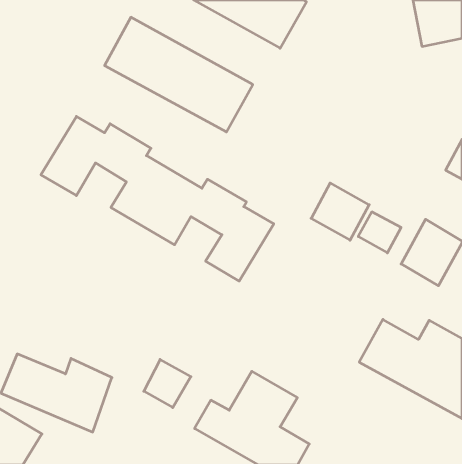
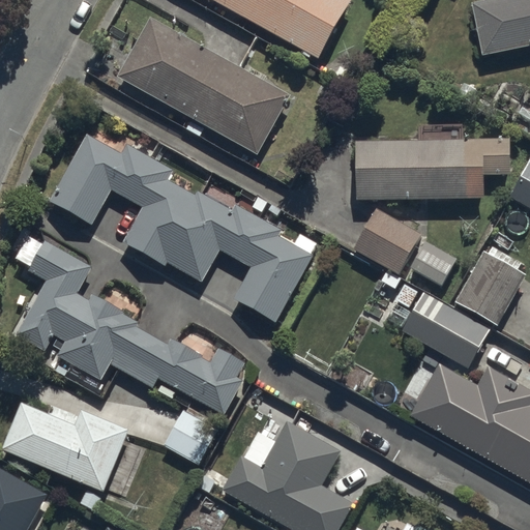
building: none -> [358,139,509,199]
building: none -> [14,241,251,417]
building: none -> [400,292,489,369]

